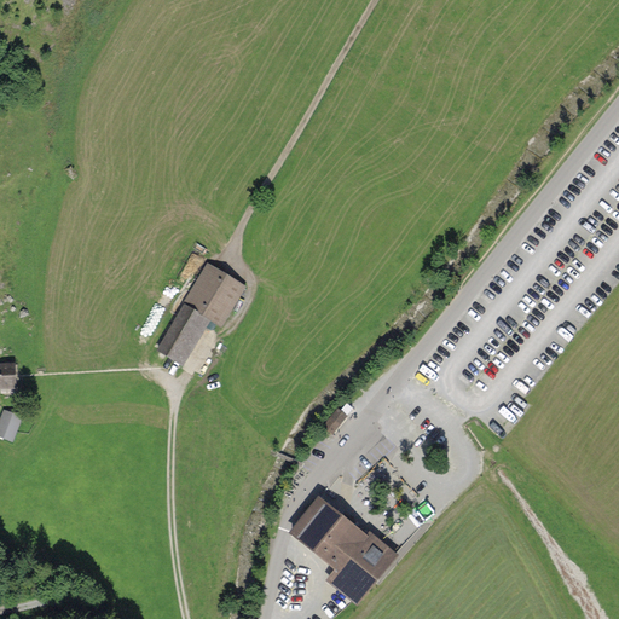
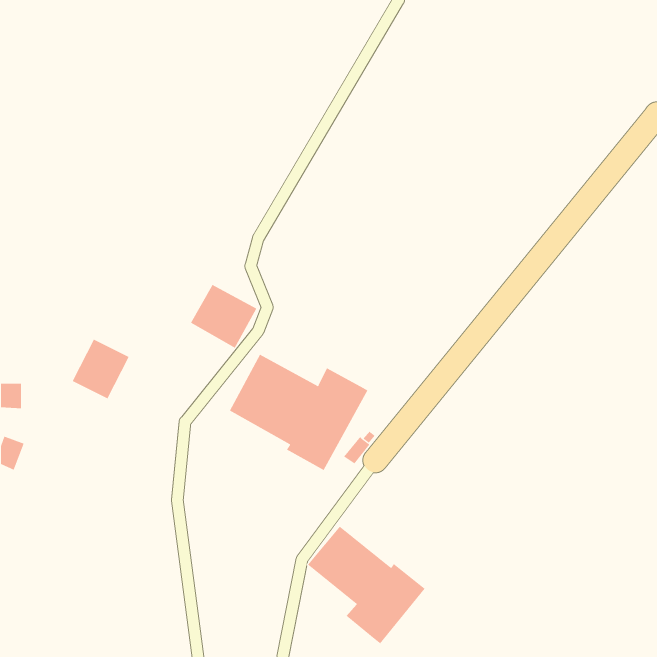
building: [151,311,206,368] -> [72,339,130,399]
building: none -> [229,354,368,471]

